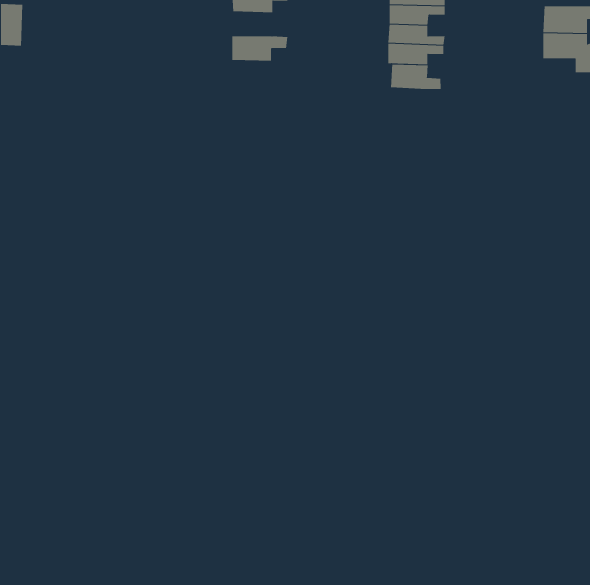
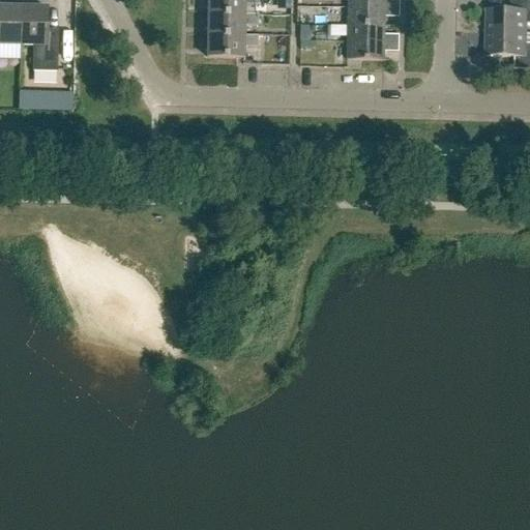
building: none -> [21,4,59,68]
building: none -> [208,10,259,32]
building: [391,64,441,90] -> none
building: none -> [33,90,73,108]

